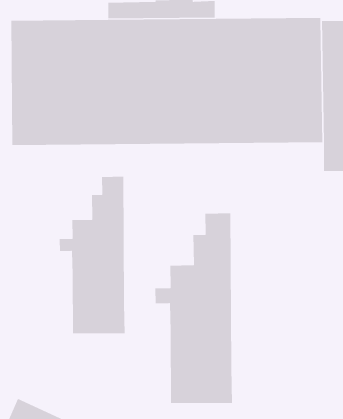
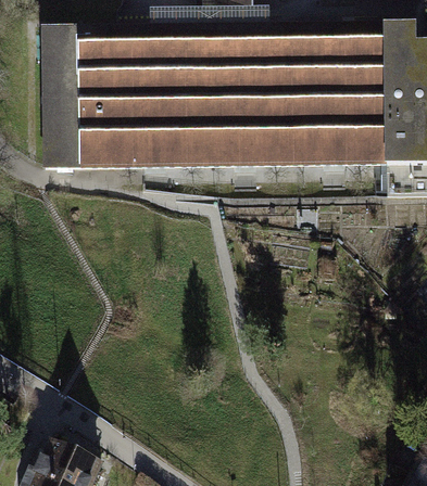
building: [59,176,126,334] -> none
building: [155,212,233,404] -> none

